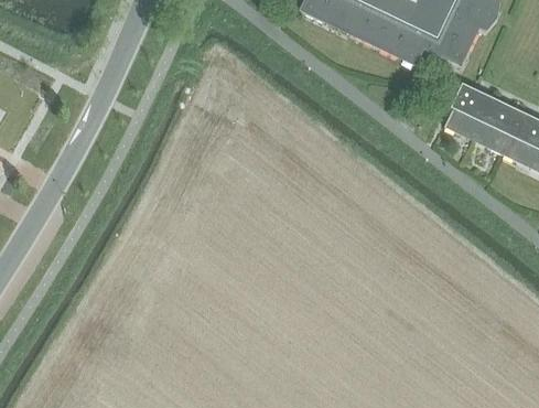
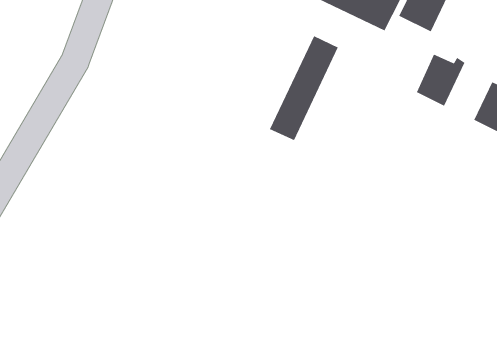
building: none -> [269,35,339,141]
building: [472,94,519,151] -> none

